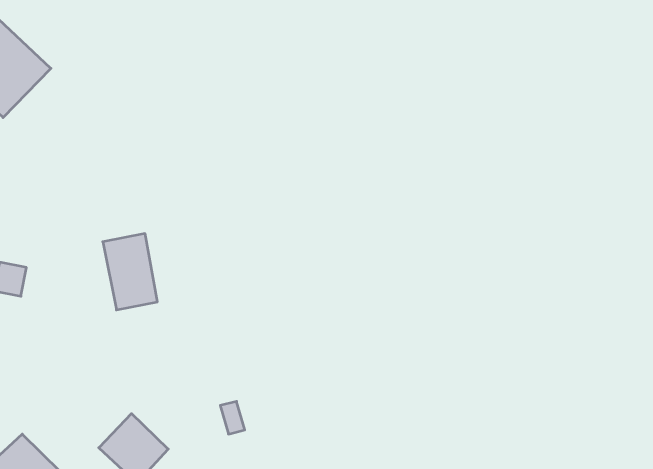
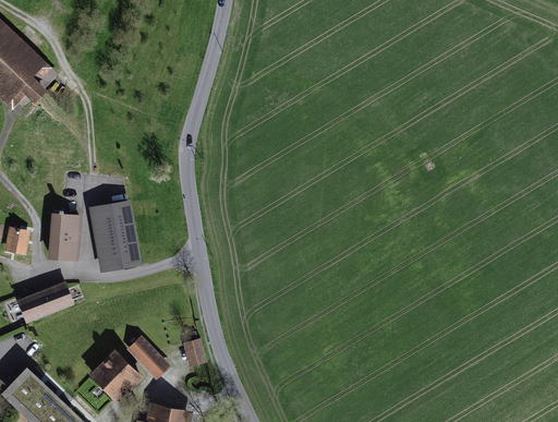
building: none -> [47,215,78,262]
building: none -> [16,280,72,321]
building: none -> [124,334,170,378]

